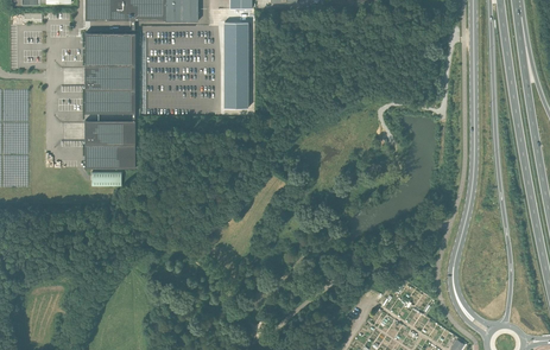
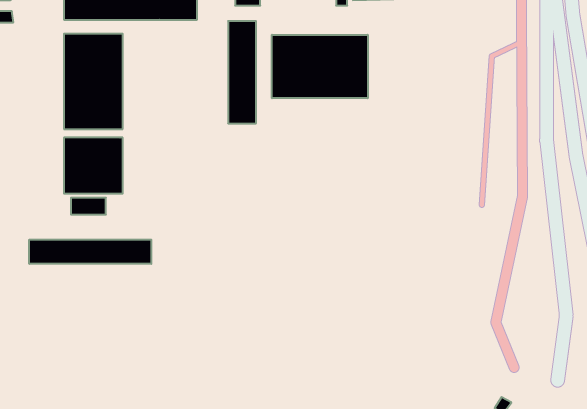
building: none -> [272,35,368,98]
building: none -> [29,240,151,264]

